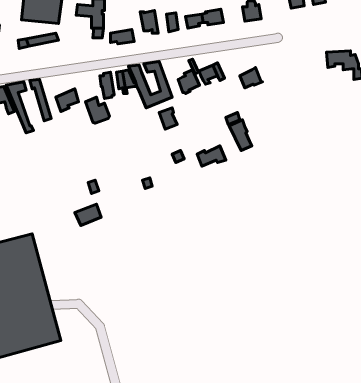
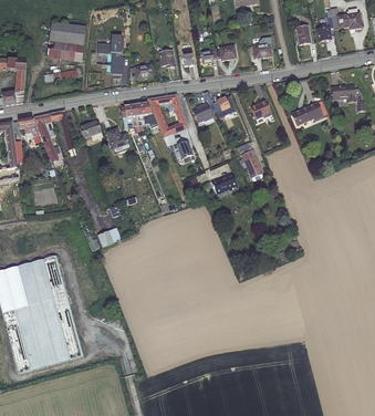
building: none -> [291,100,326,124]

